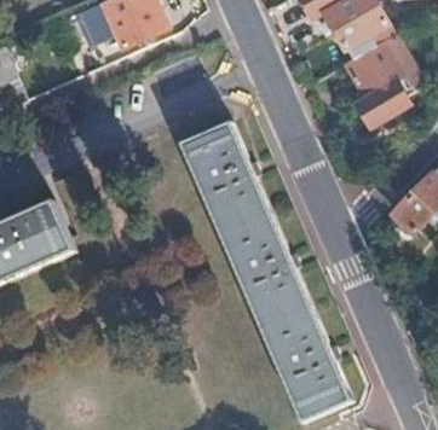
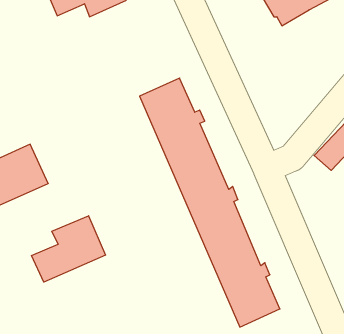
building: [345,39,411,110] -> none
building: none -> [32,216,106,282]

